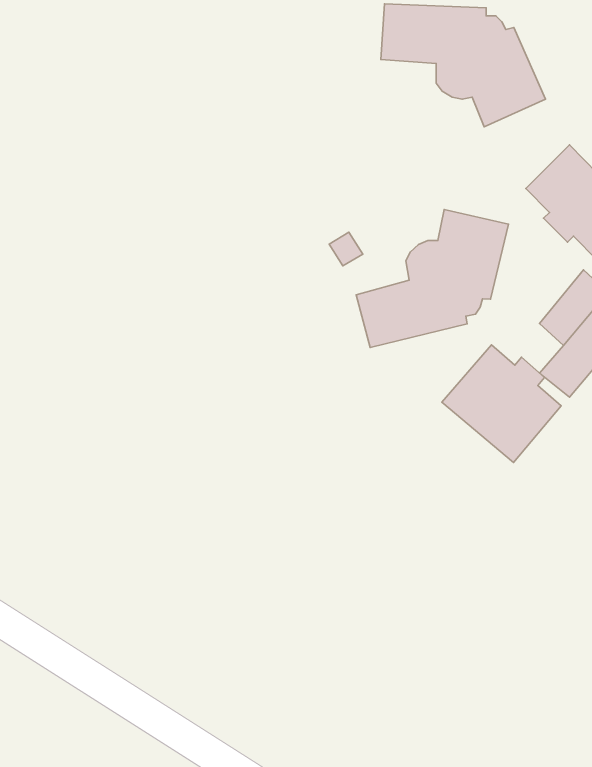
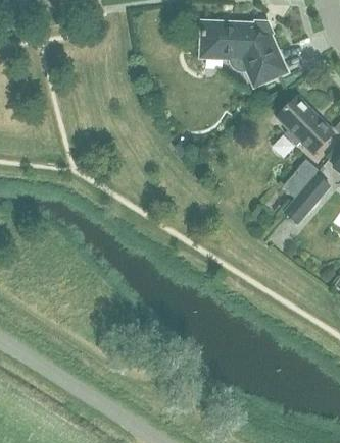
building: [356,209,509,348] -> none
building: [442,345,561,463] -> none

